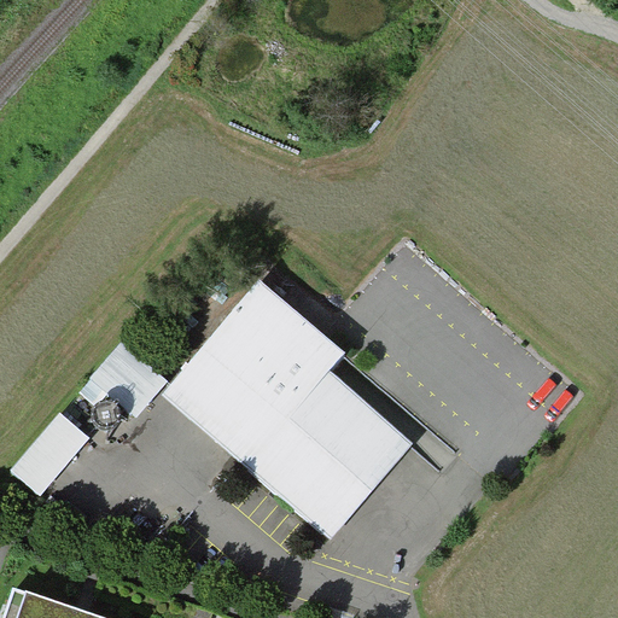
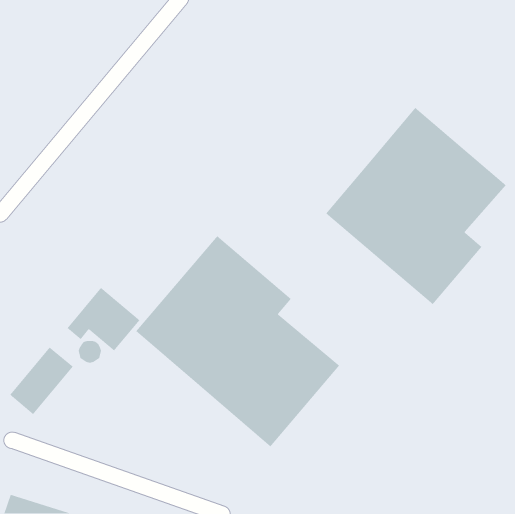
building: none -> [325,107,507,305]

